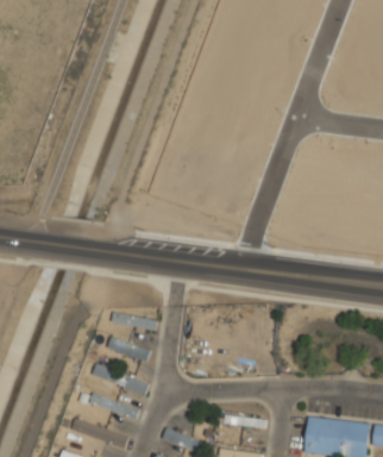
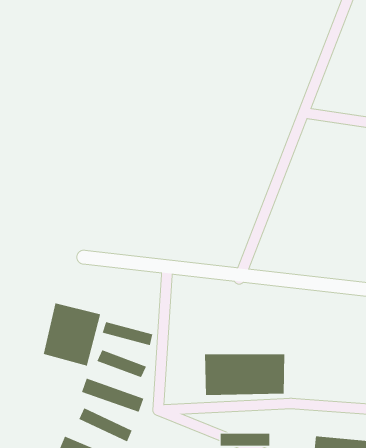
building: none -> [43,303,101,366]
building: none -> [205,353,285,396]

